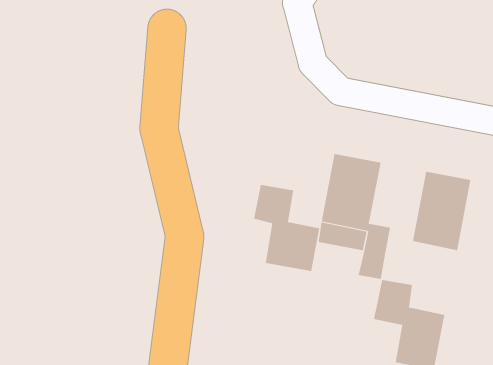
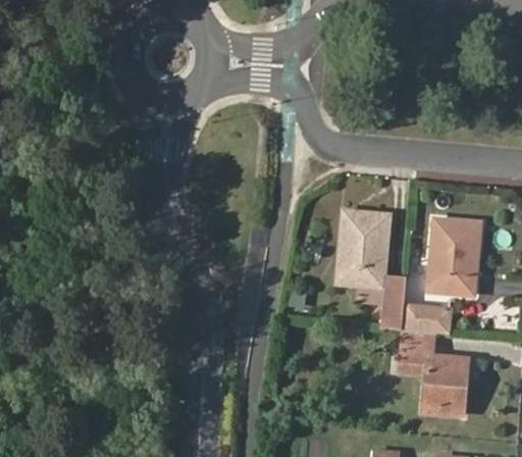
building: [253,184,320,272] -> none
building: none -> [403,304,451,333]

